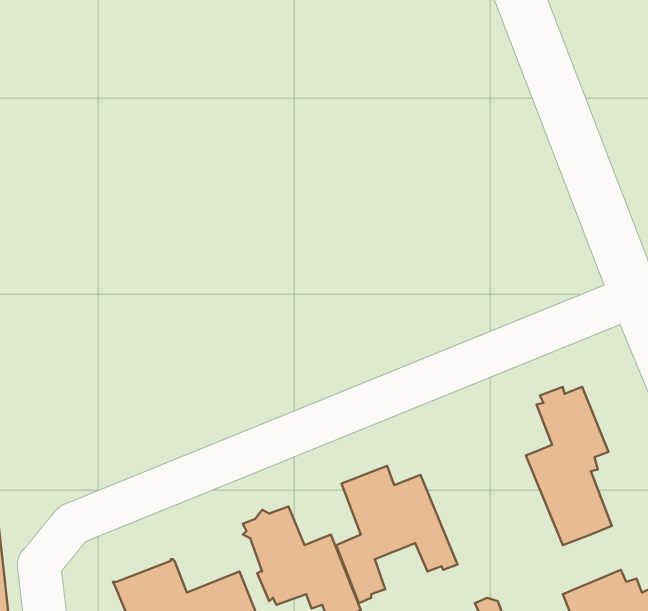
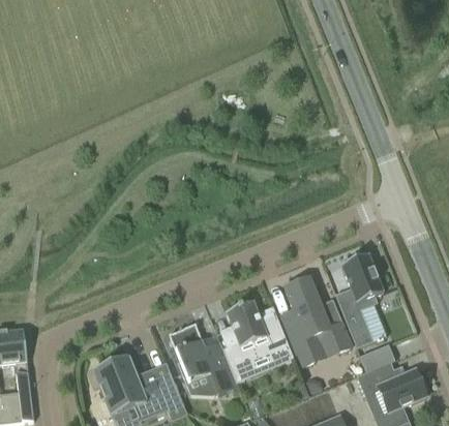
building: none -> [280,278,351,366]
building: none -> [359,344,394,371]

